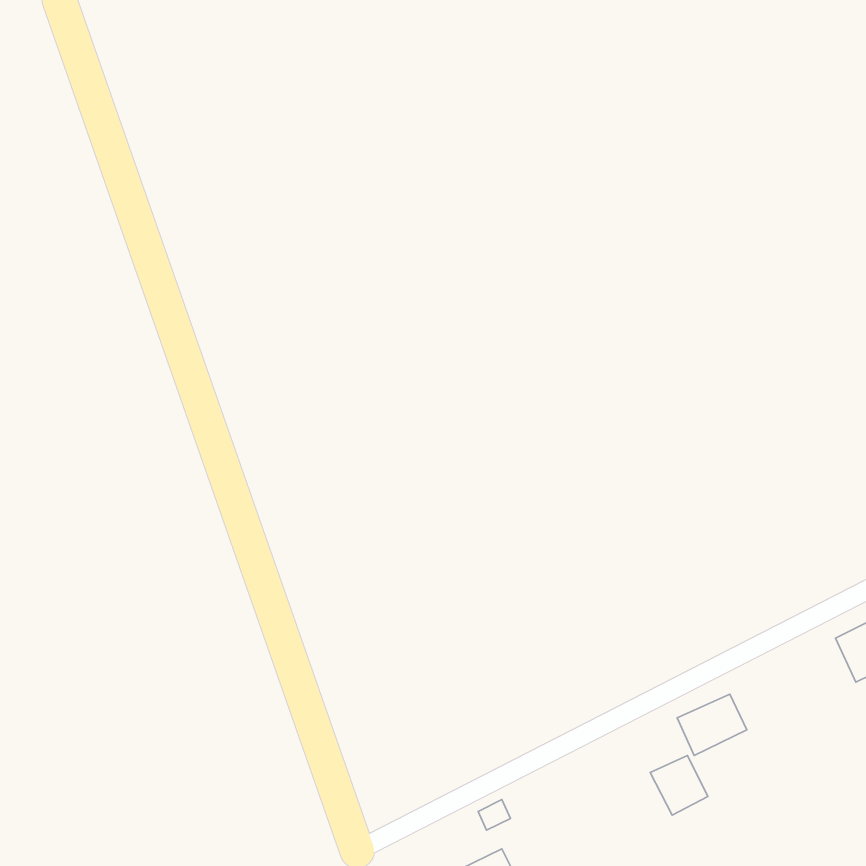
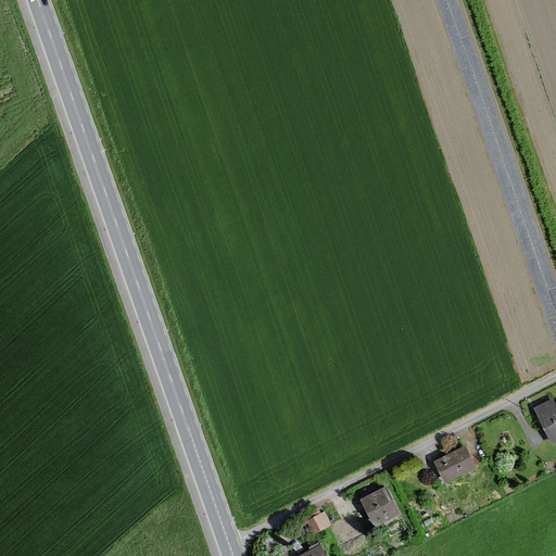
building: [650,756,708,815] -> [359,488,396,526]

